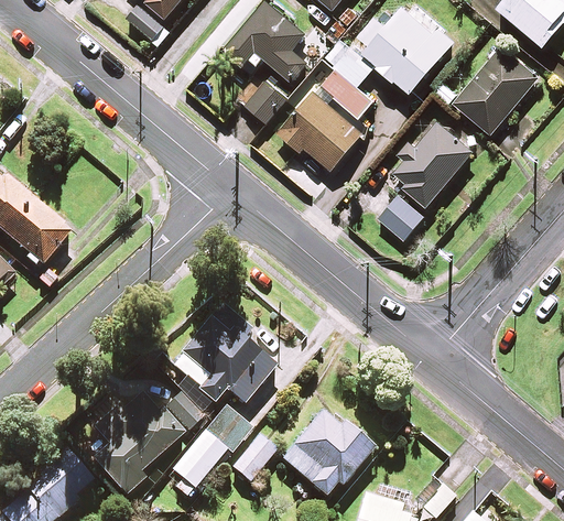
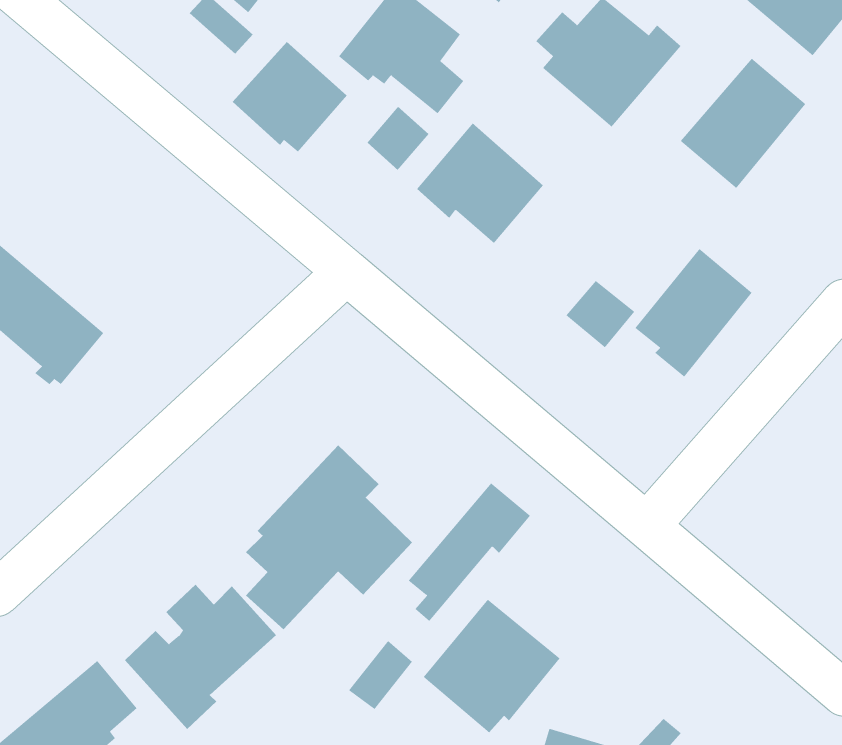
building: none -> [232,41,347,152]
building: [321,50,375,119] -> none
building: [393,121,471,207] -> [635,248,752,378]
building: [171,404,252,497] -> [408,483,531,622]

